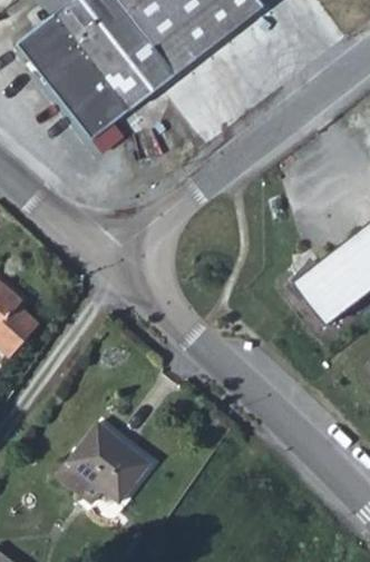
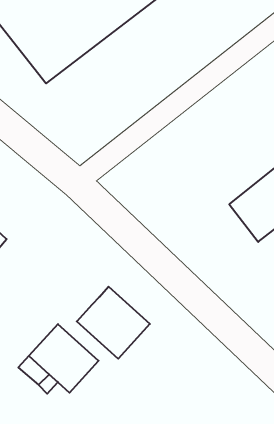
building: none -> [77,287,150,359]

